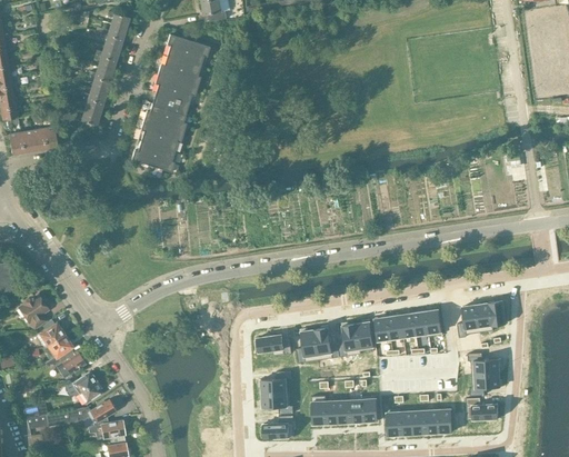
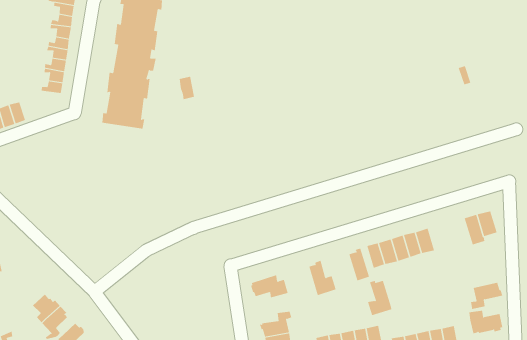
building: [18,294,48,328] -> none
building: [457,305,479,338] -> none
building: [337,322,360,357] -> [367,280,392,316]
building: [296,328,319,362] -> none
building: [467,352,501,375] -> none

